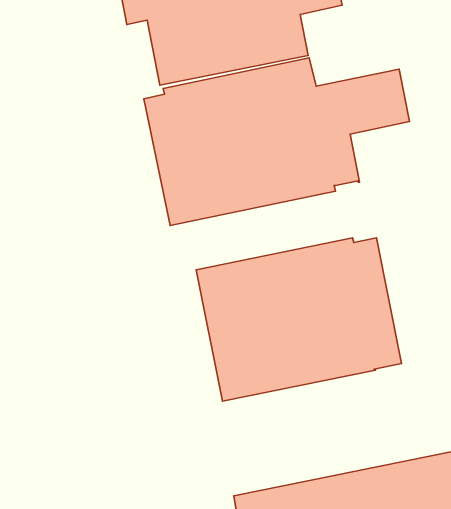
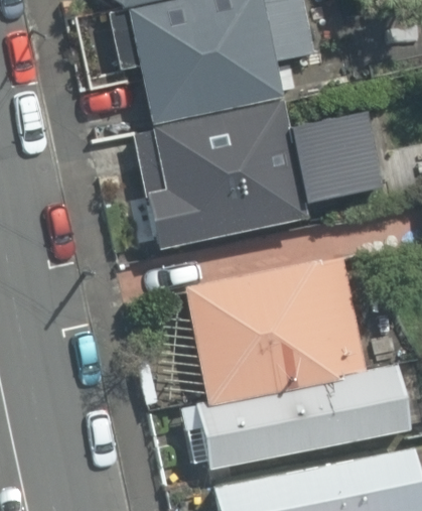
building: none -> [199,366,405,467]

